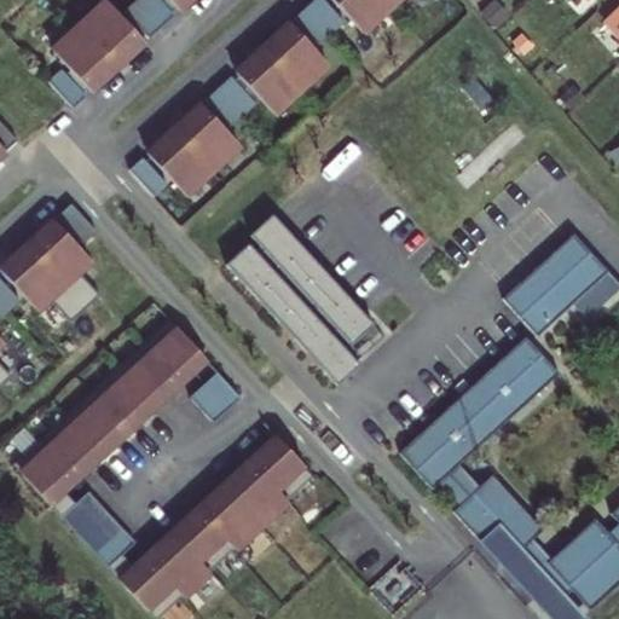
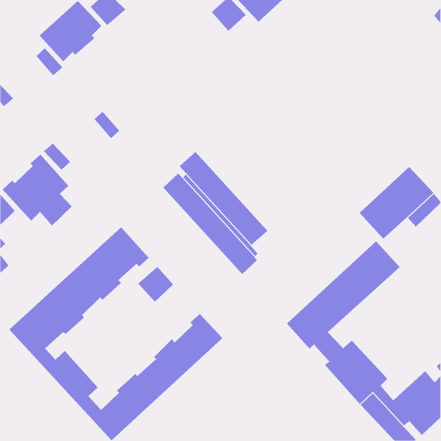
building: [239,24,328,111] -> none
building: [207,75,256,125] -> none
building: [151,105,239,192] -> none

